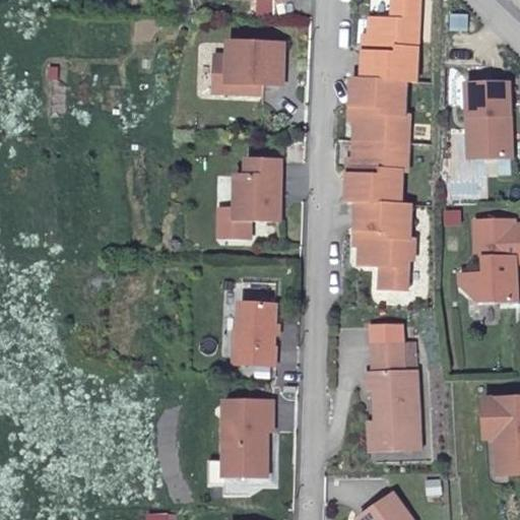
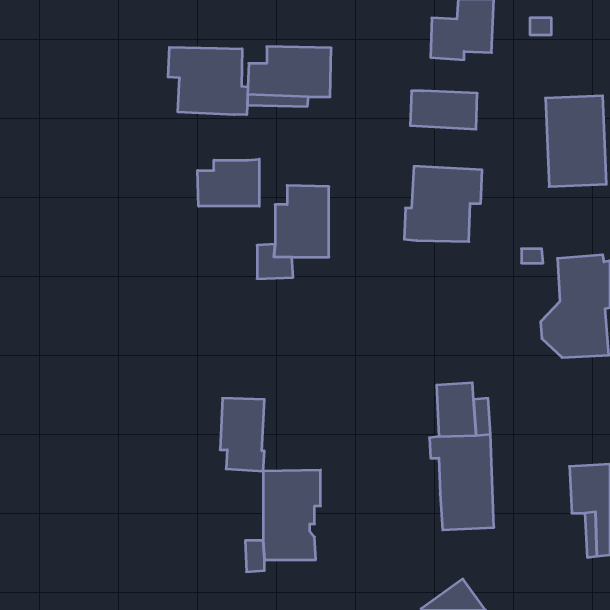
building: none -> [168,47,248,115]
building: [360,44,417,79] -> none
building: [342,107,411,144] -> none
building: none -> [198,159,259,206]
building: [352,204,412,291] -> none
building: [237,302,274,364] -> [220,398,264,471]

